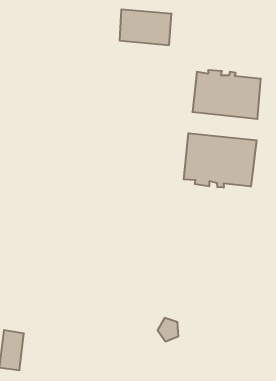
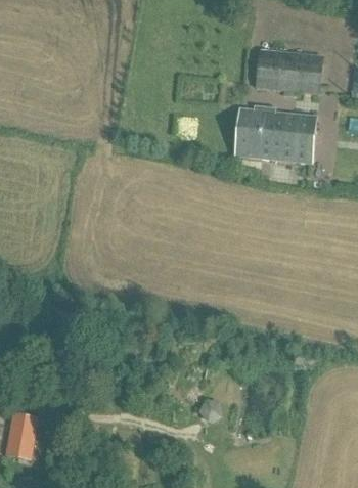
building: [120,9,172,45] -> [258,51,319,93]
building: [184,133,257,188] -> none

